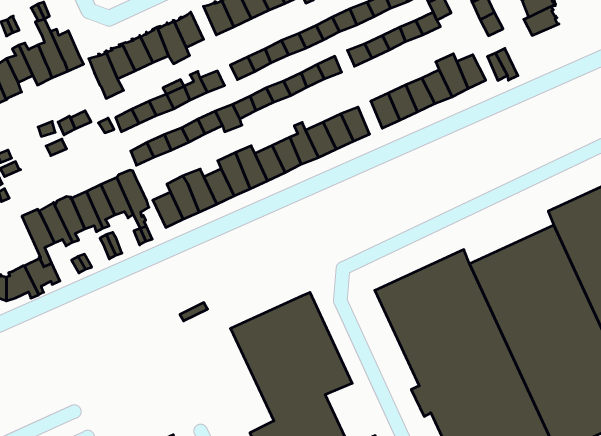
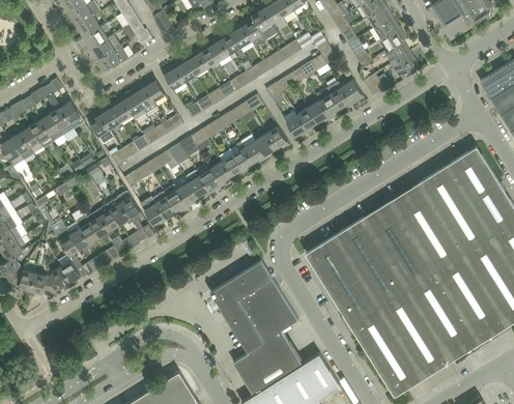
building: none -> [392,52,417,80]

